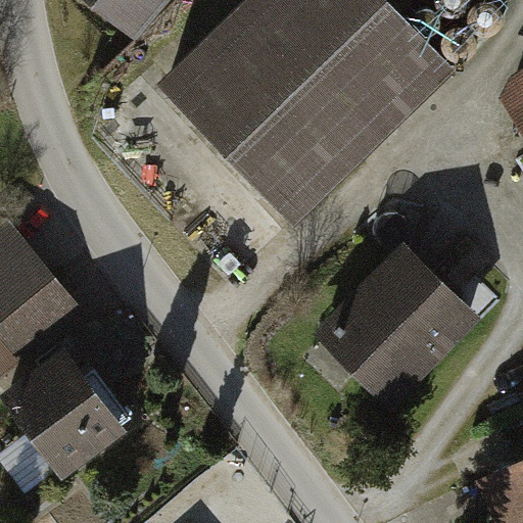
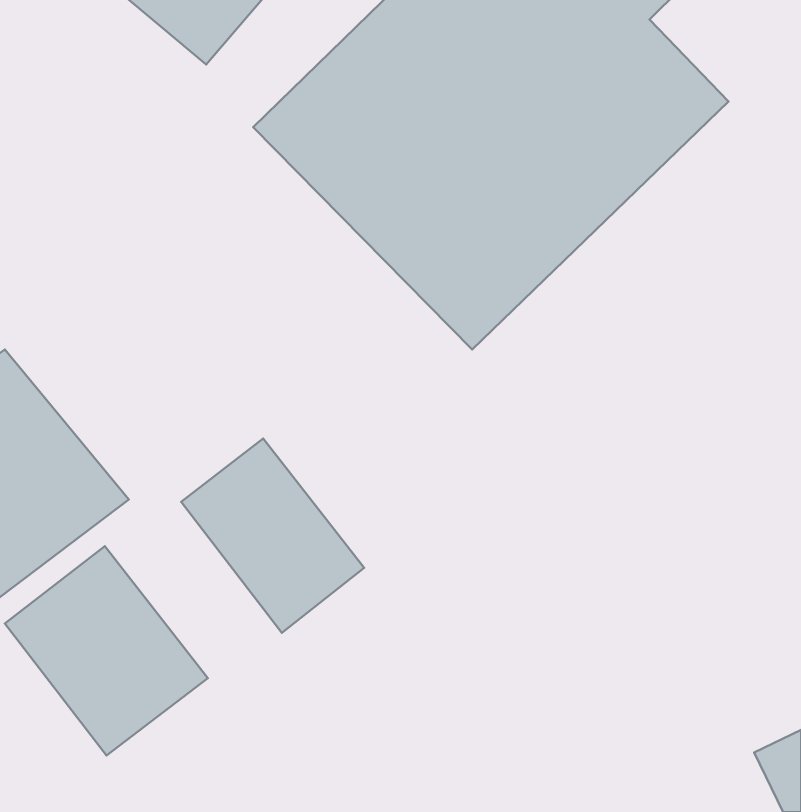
building: [308,242,474,407] -> none
building: none -> [181,438,364,633]

